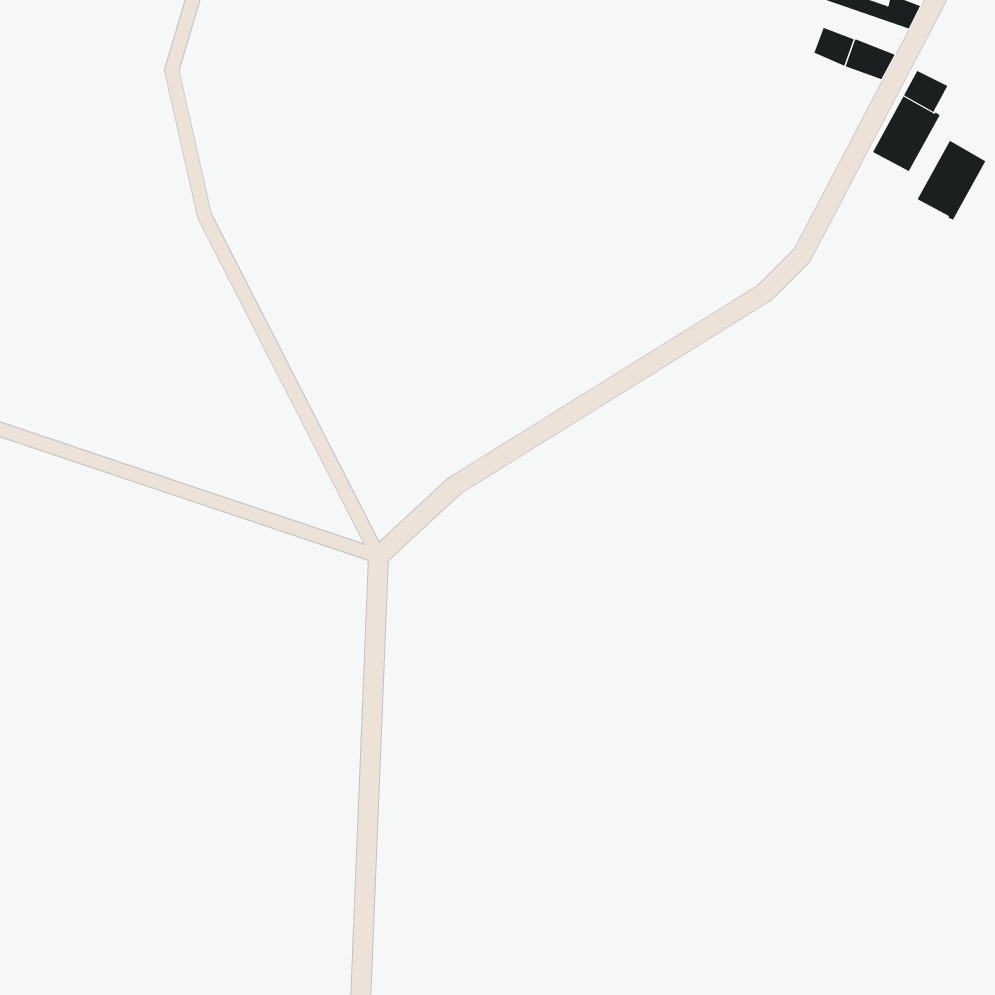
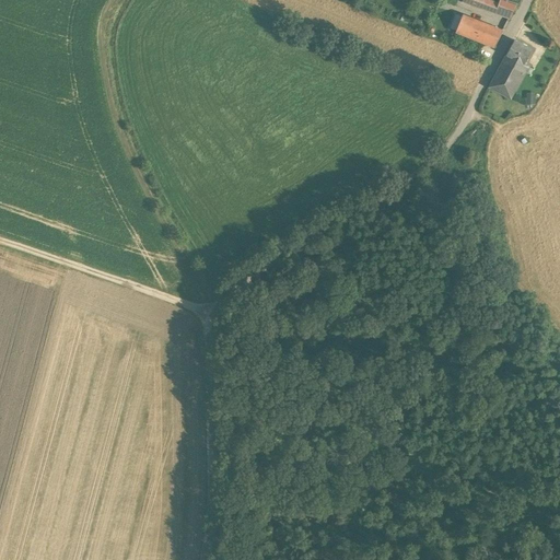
building: [917,140,986,221] -> none

